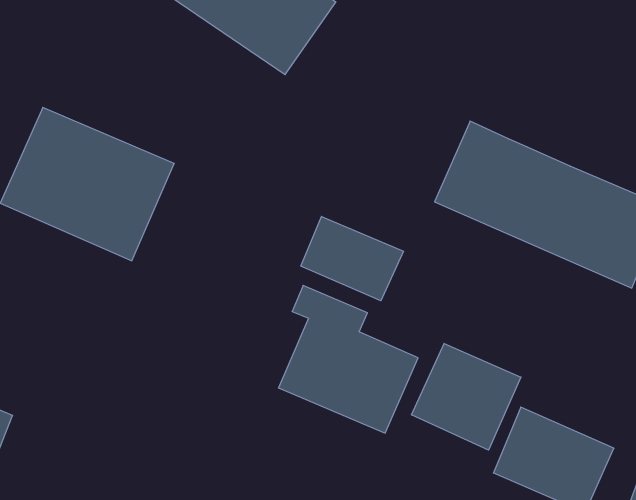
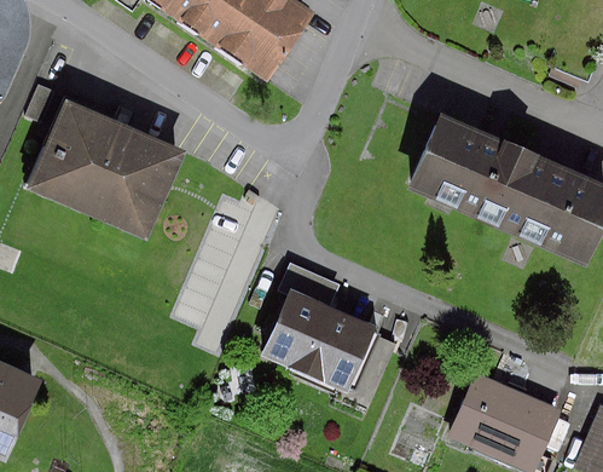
building: [301,216,403,301] -> none
building: [412,343,521,450] -> none

